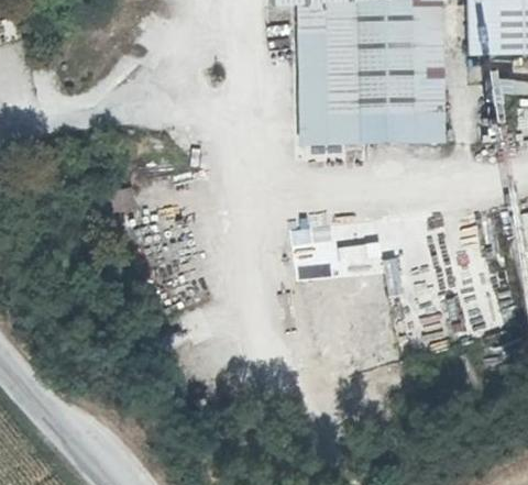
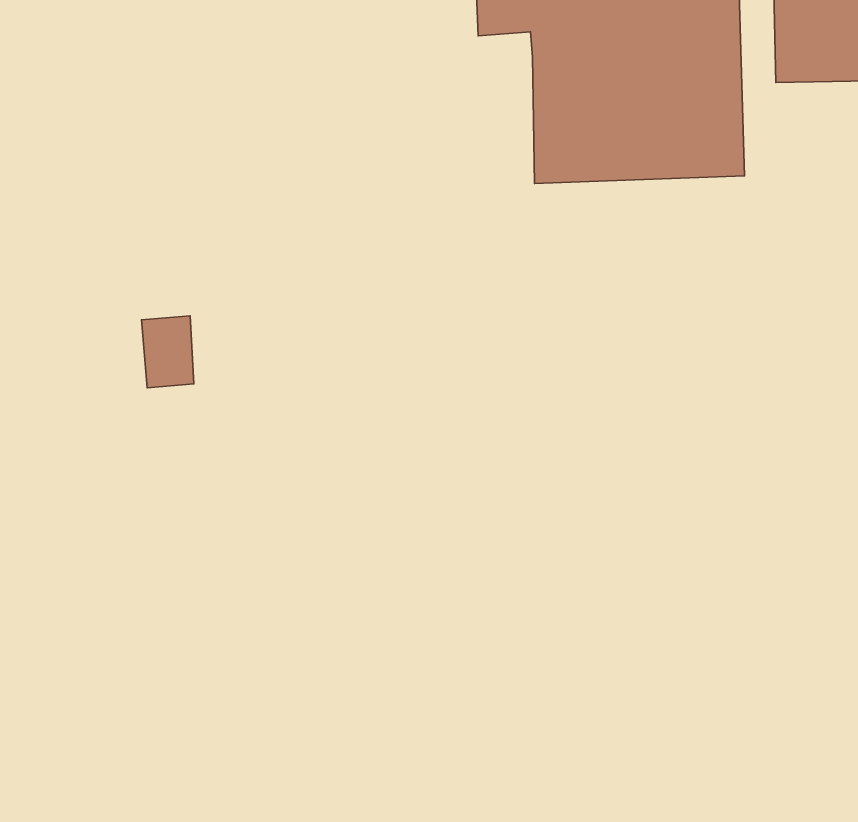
building: [297,29,449,142] -> none

